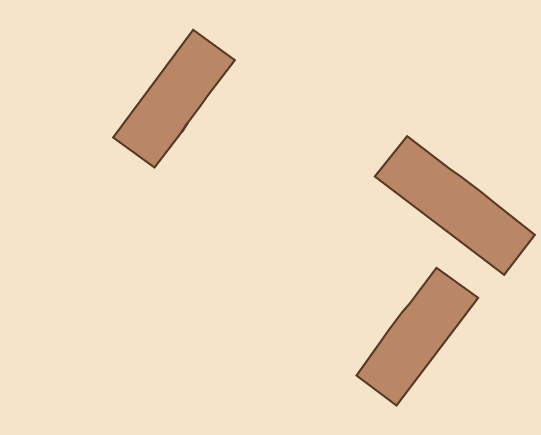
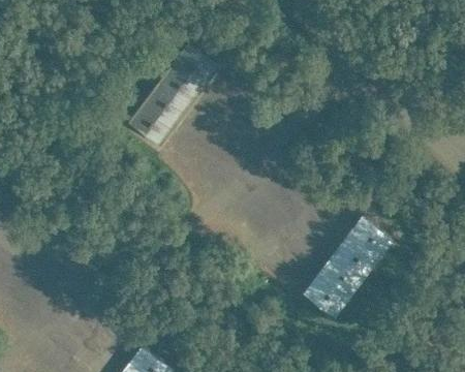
building: [375,136,535,275] -> none

